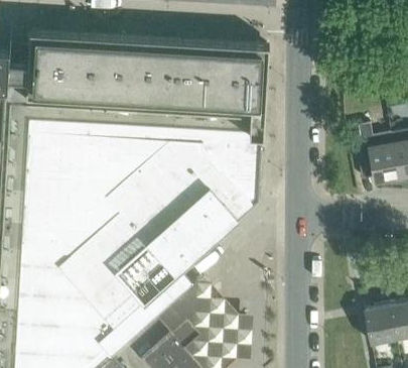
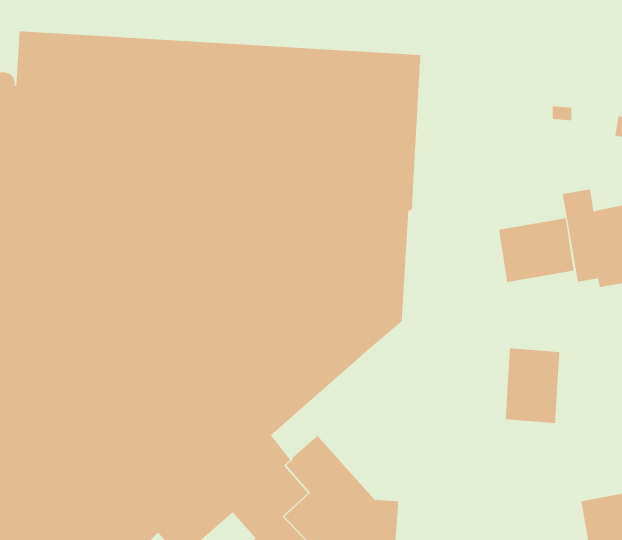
building: none -> [499,218,574,283]
building: none -> [505,347,560,424]

